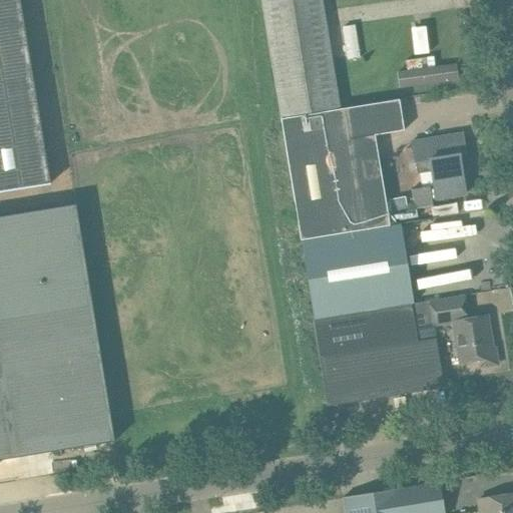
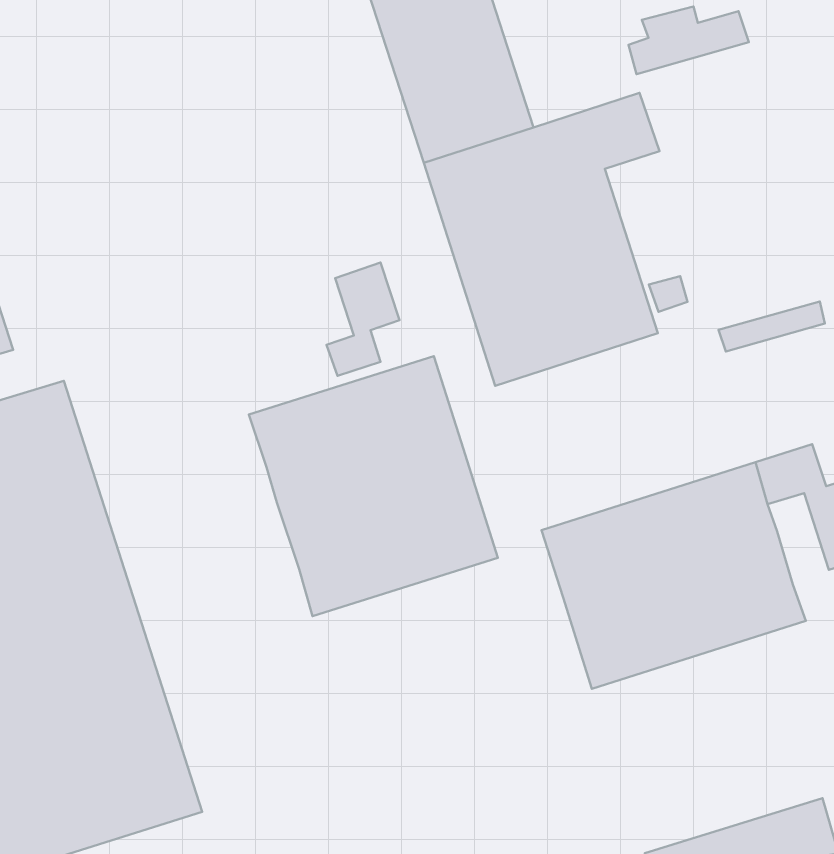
building: [410,133,466,209] -> none
building: none -> [326,263,399,376]
building: none -> [249,356,498,616]
building: [300,225,412,319] -> none

